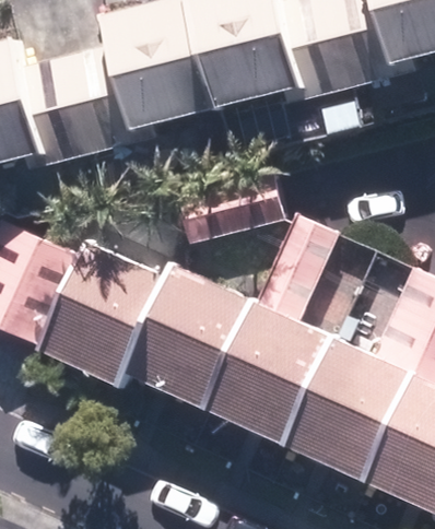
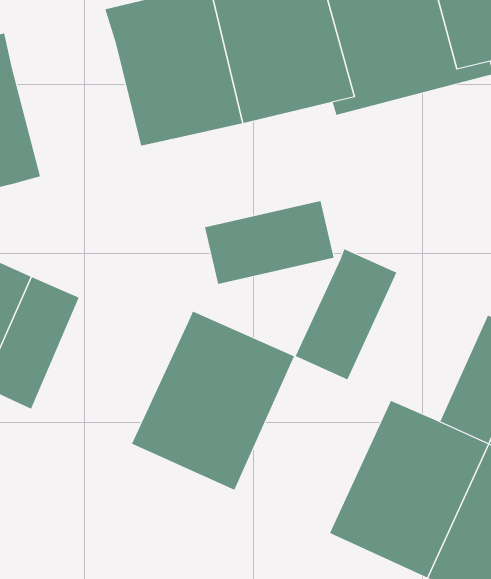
building: [23,44,156,167] -> none
building: [36,238,166,384] -> none
building: [205,301,333,446] -> none

